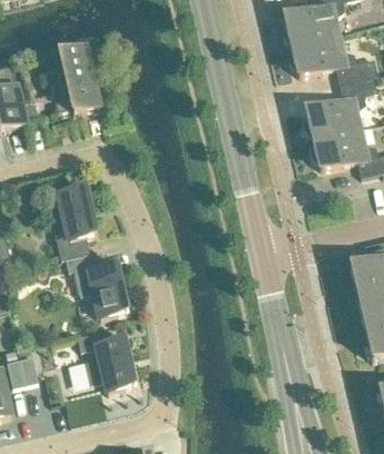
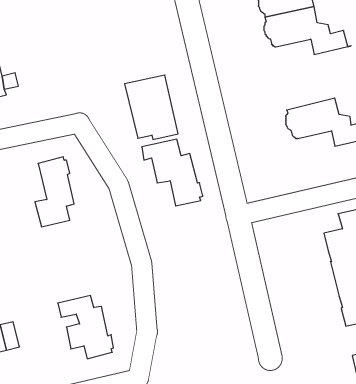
building: [45,46,99,111] -> [125,75,178,139]
building: [304,72,377,138] -> none
building: [66,249,128,317] -> [142,139,203,206]

